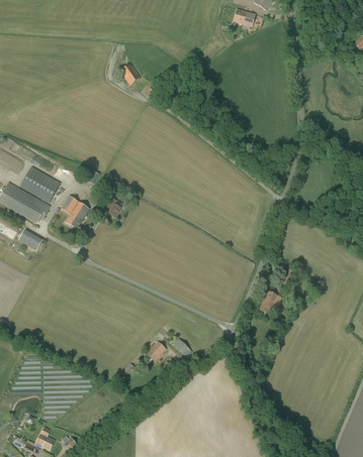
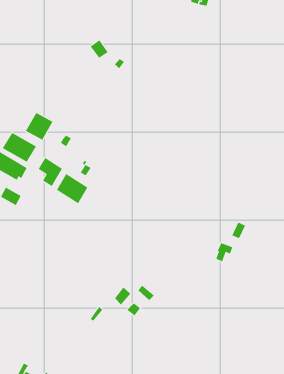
building: none -> [25,112,53,141]
building: none -> [56,173,88,204]

